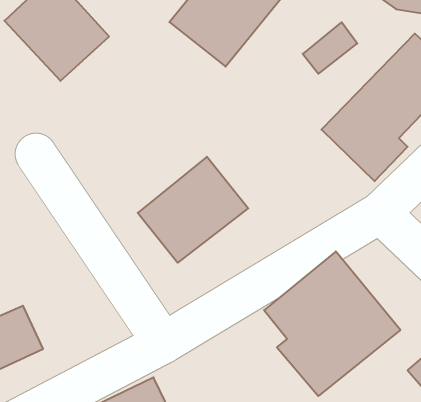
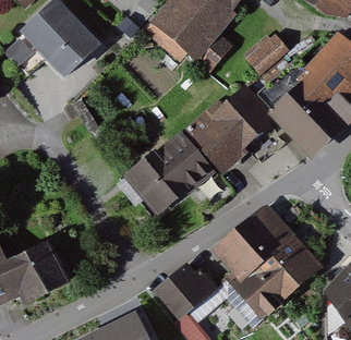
building: none -> [177,89,265,173]
building: none -> [158,265,217,316]

